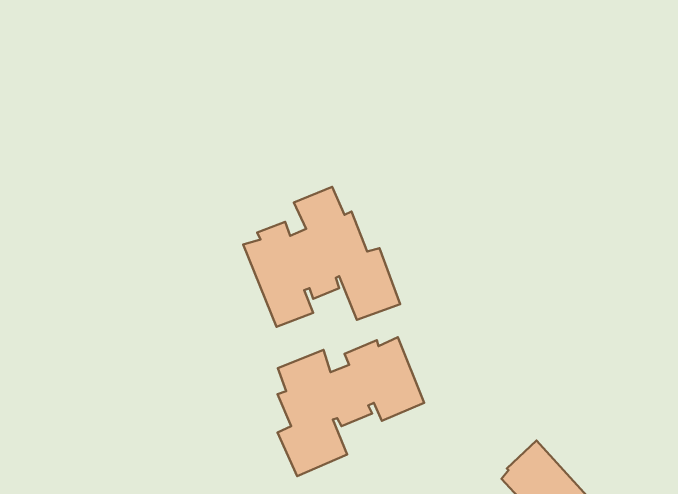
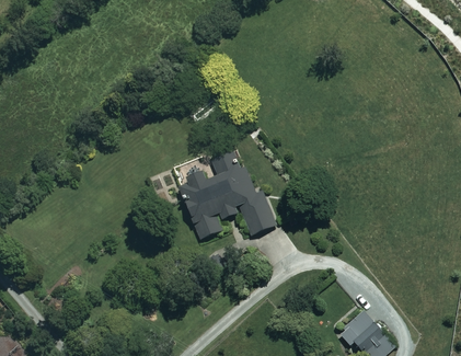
building: [278,337,424,476] -> none

